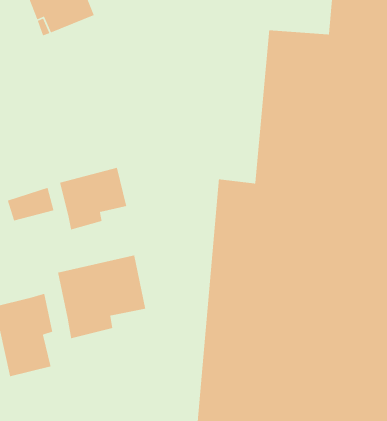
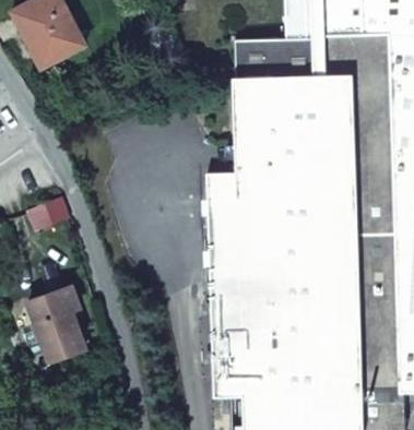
building: [59,167,127,231] -> none
building: [57,255,146,339] -> none

